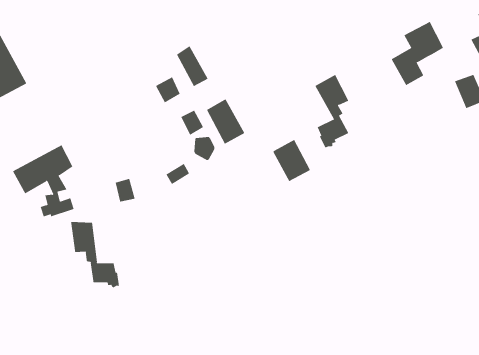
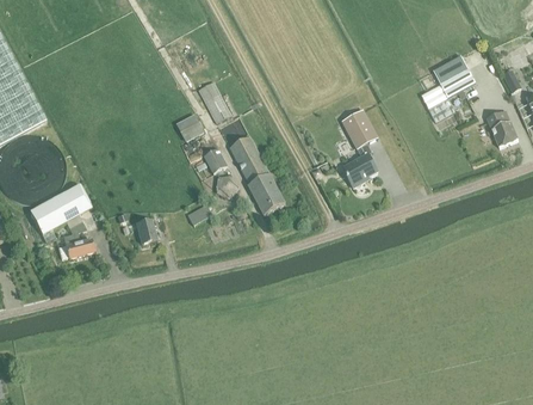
building: [273,139,311,182] -> [247,171,286,215]
building: [70,221,120,288] -> none

